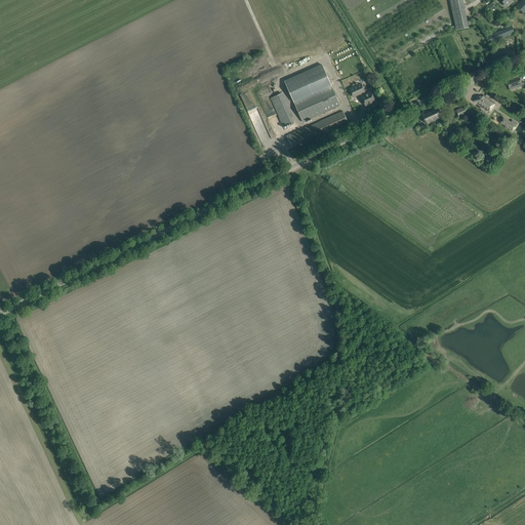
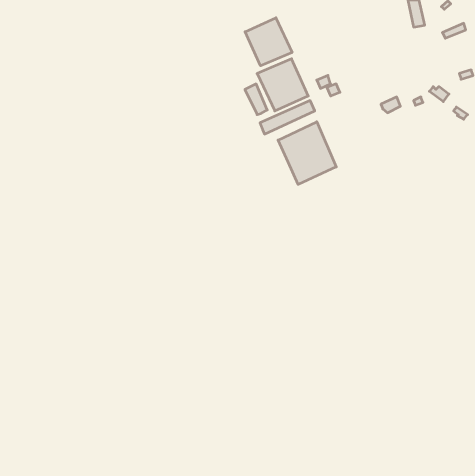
building: none -> [245,18,292,66]
building: none -> [278,122,336,184]

